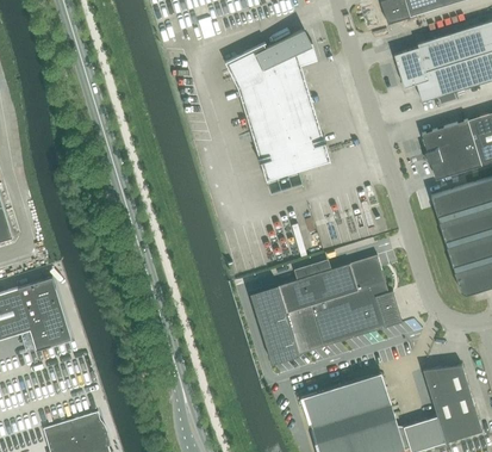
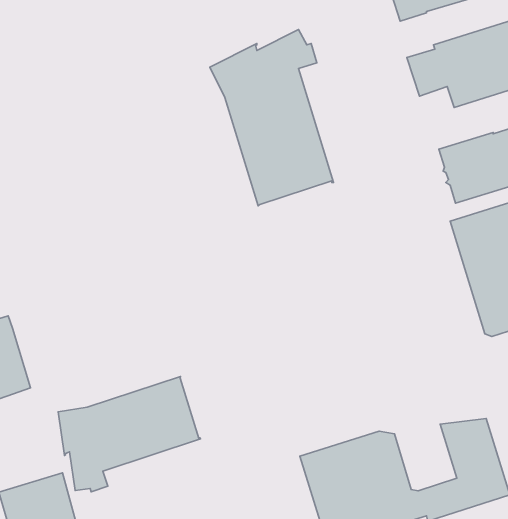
building: [250,255,403,364] -> none
building: none -> [58,377,201,492]

